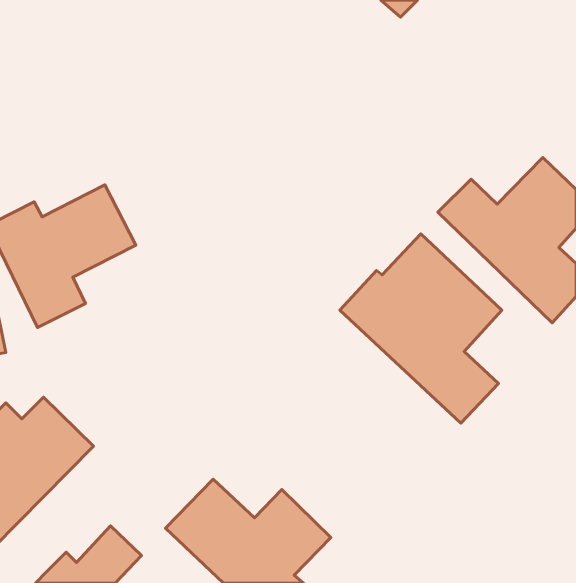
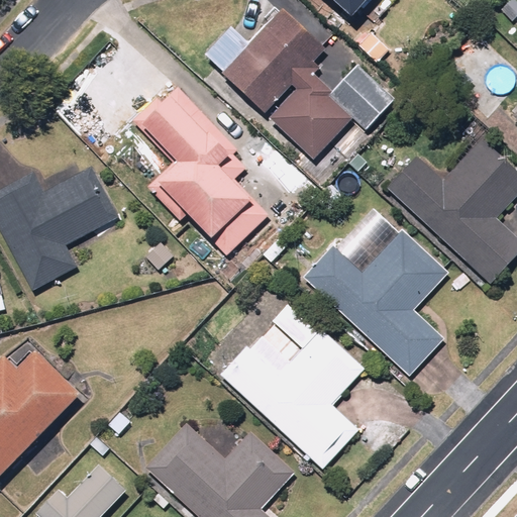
building: none -> [204,11,389,151]
building: none -> [138,88,256,240]
building: none -> [222,304,356,469]

